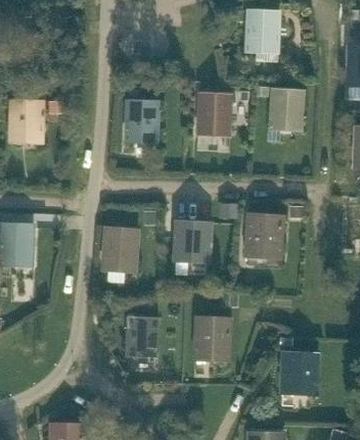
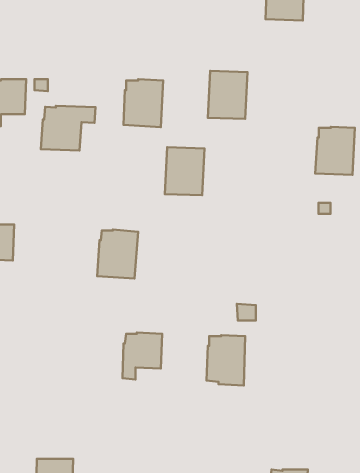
building: [270,89,304,130] -> [315,127,355,175]
building: none -> [41,106,96,150]
building: [248,215,281,256] -> none
building: [176,221,210,261] -> [165,147,205,195]
building: [283,352,316,393] -> none

